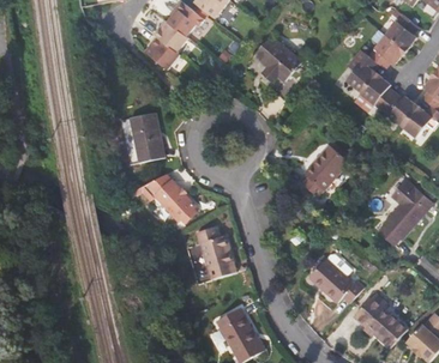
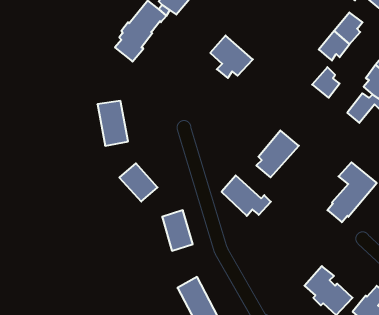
building: [349,50,380,95] -> none
building: [381,93,419,126] -> none
building: [311,259,365,303] -> [222,175,271,216]

